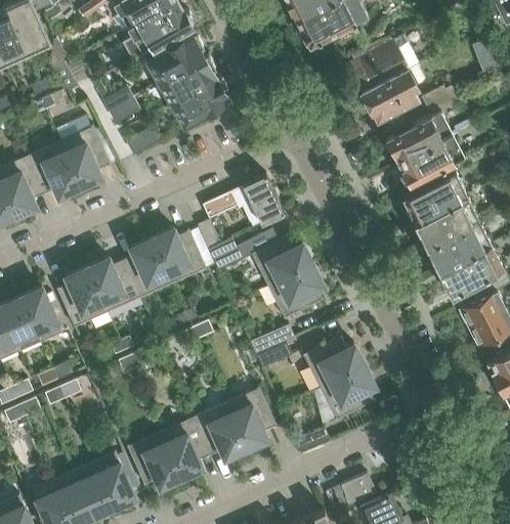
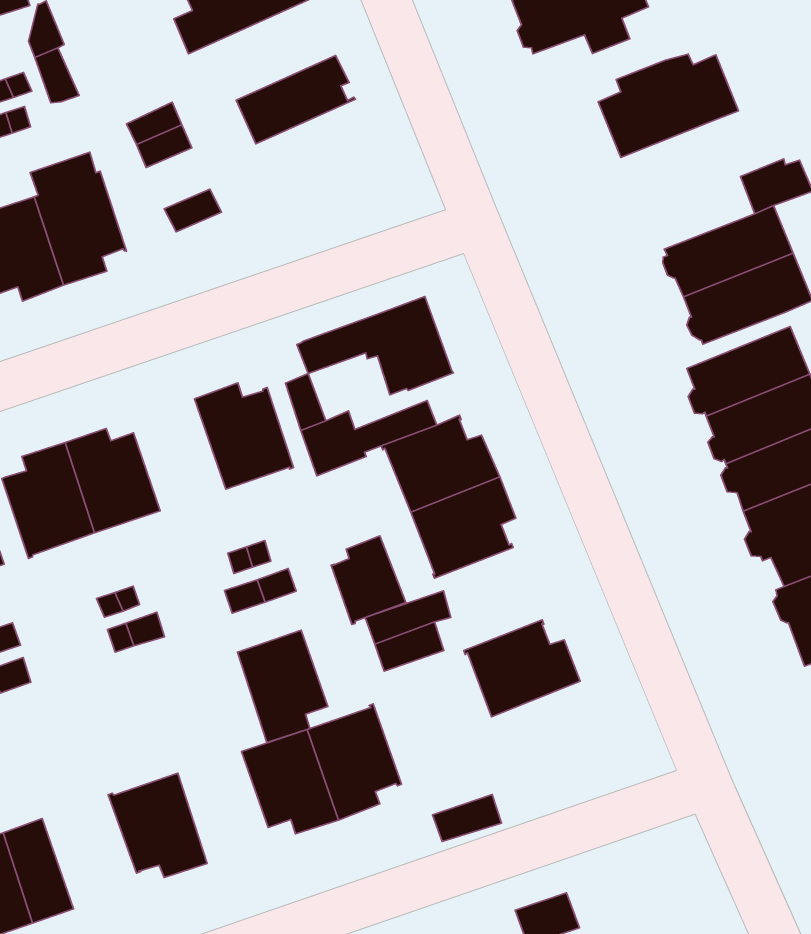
building: [146,33,208,83] -> none
building: [362,70,421,122] -> none
building: [171,77,228,126] -> none
building: [122,238,172,298] -> none
building: none -> [331,536,406,624]
building: [320,365,374,421] -> none
building: [161,418,210,477] -> [237,630,328,743]
building: [93,452,135,507] -> none

